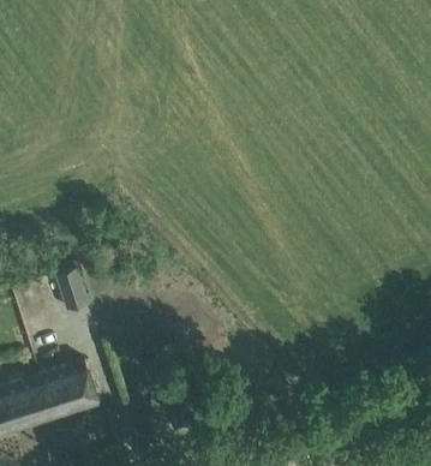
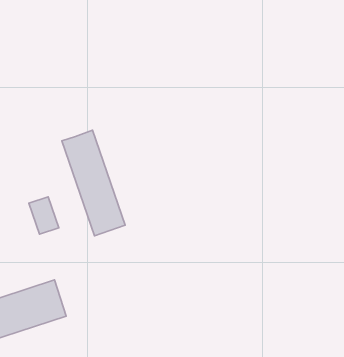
building: none -> [62,130,125,236]

